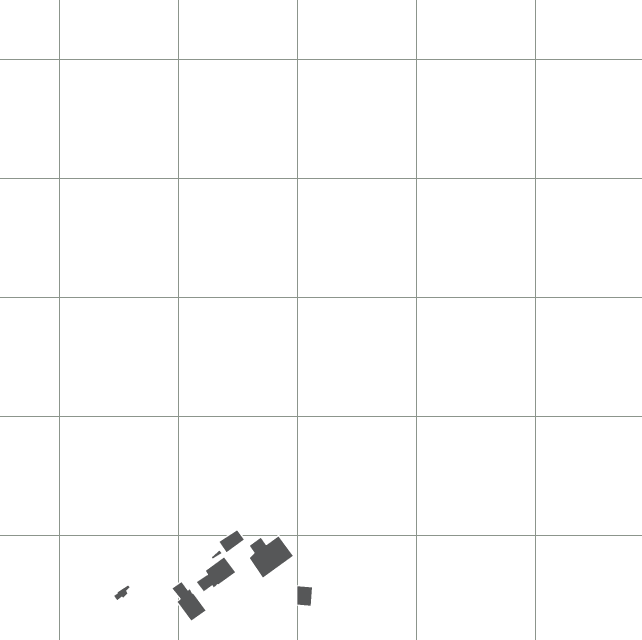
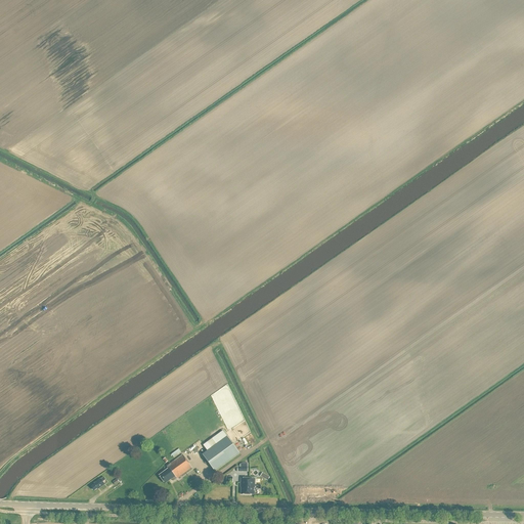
building: [172,581,207,621] -> none

